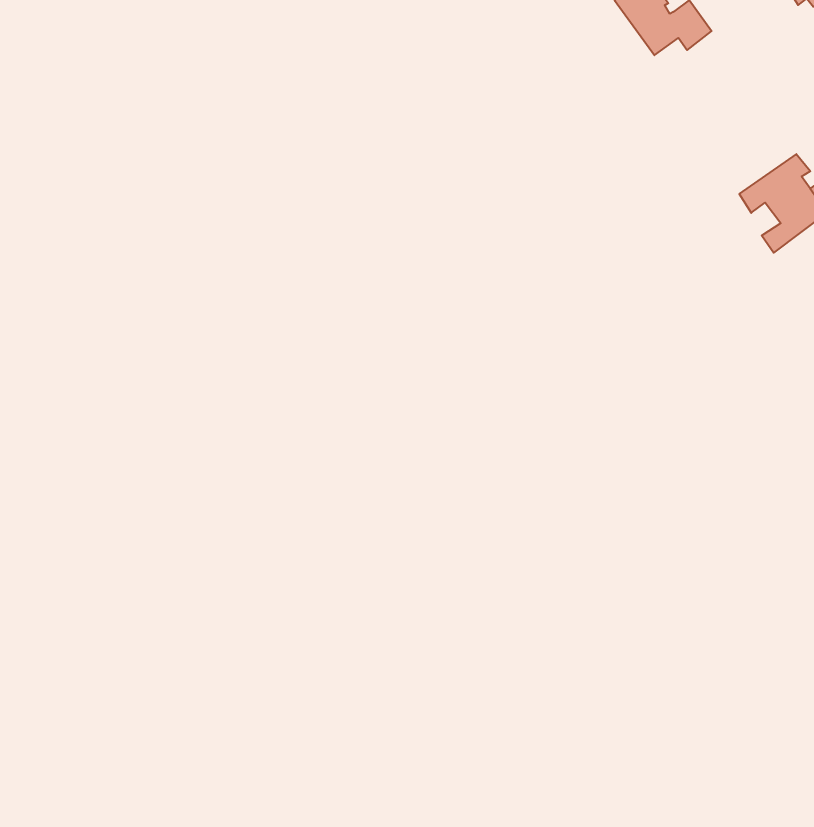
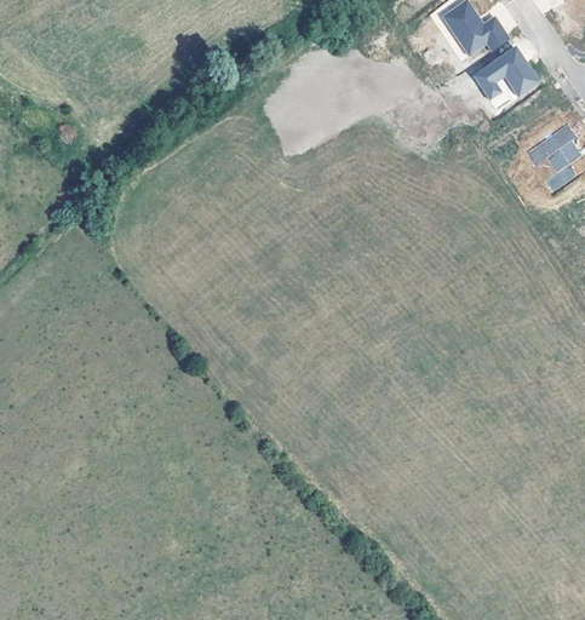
building: none -> [472,47,538,99]

